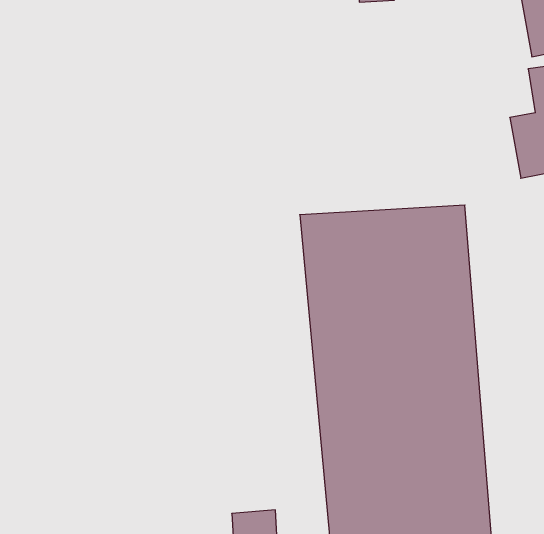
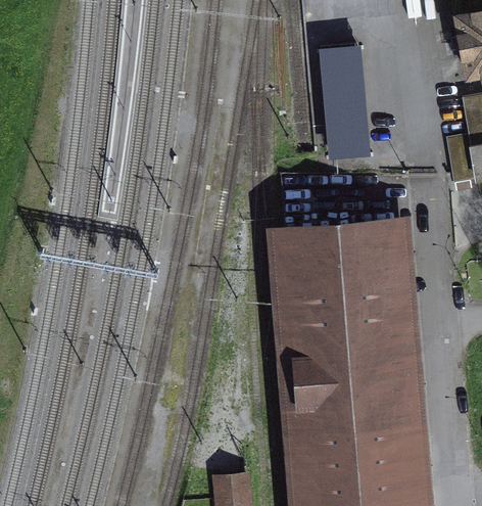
building: none -> [321,52,370,167]

